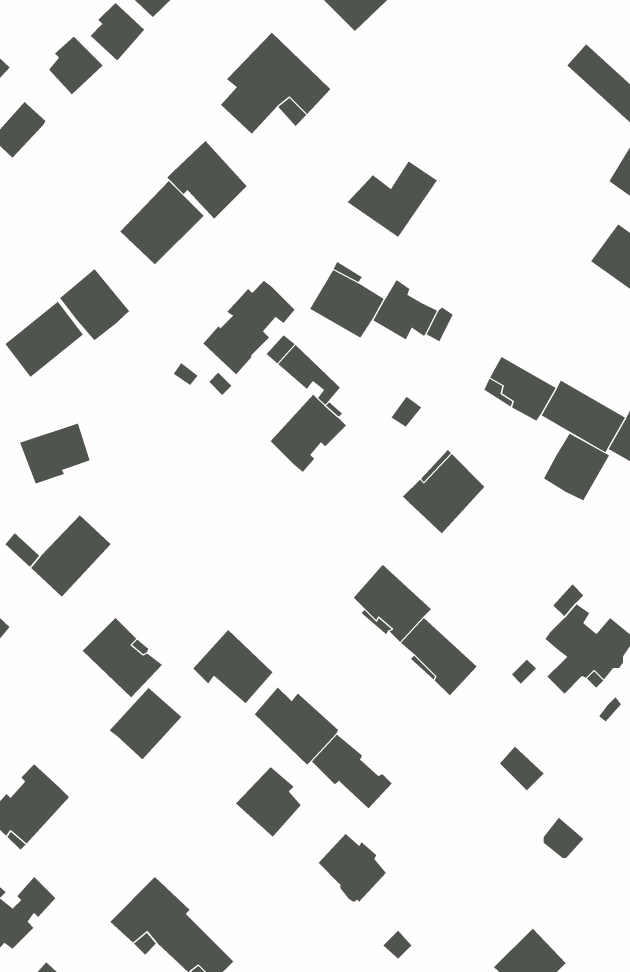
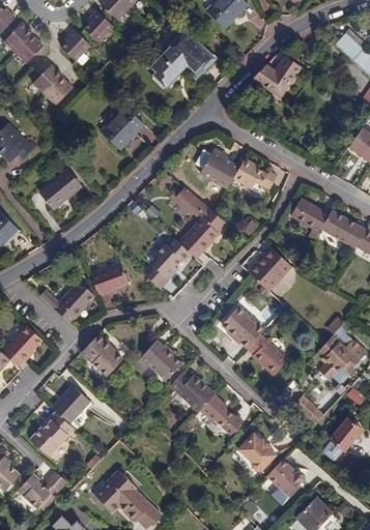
building: none -> [45,77,73,106]
building: [166,140,247,219] -> none
building: [347,161,438,238] -> [253,57,301,97]
building: [59,268,130,341] -> none
building: [203,280,296,375] -> [143,239,192,289]
building: [19,423,90,484] -> [91,264,129,296]
building: [543,433,610,501] -> none
building: [109,687,182,760] -> [52,385,90,423]
building: [235,766,301,837] -> none
building: none -> [331,417,363,450]
building: [318,833,387,902] -> [240,435,277,471]
building: none -> [266,460,304,496]

